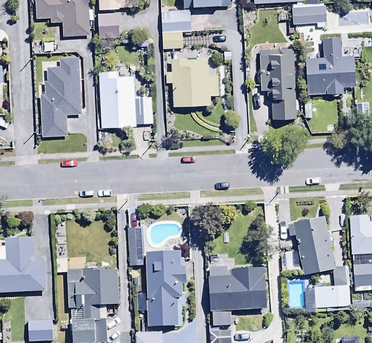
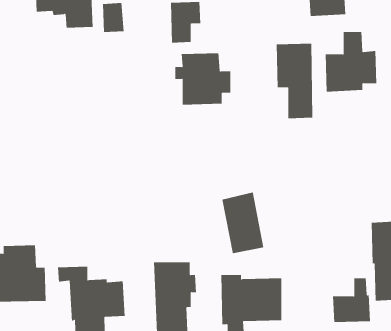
building: [39,56,81,136] -> none
building: [99,71,148,127] -> none
building: [293,216,333,274] -> [222,192,264,254]

